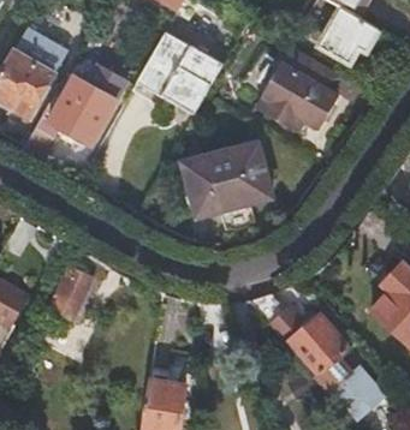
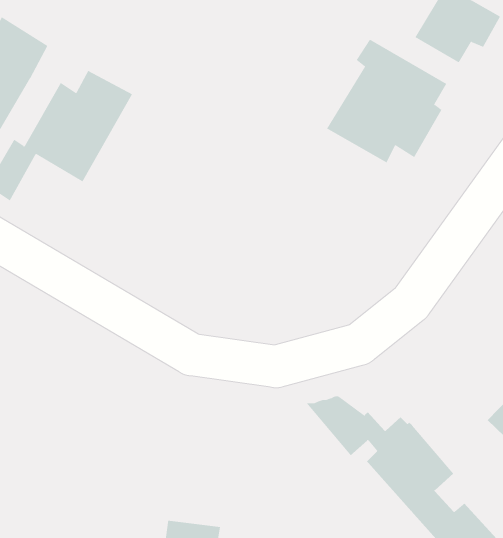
building: [137,31,222,112] -> none
building: [182,143,271,216] -> none
building: [48,269,91,323] -> none

